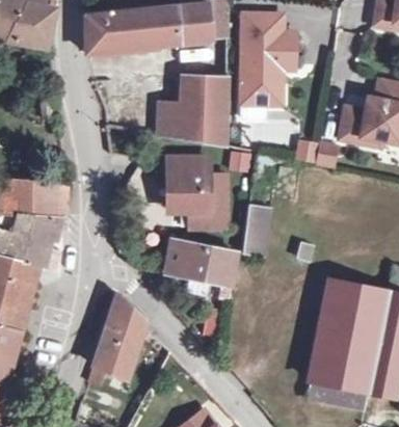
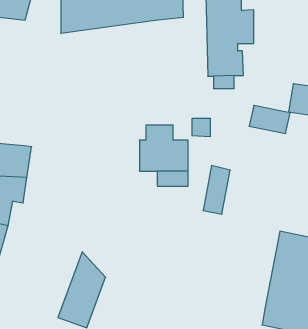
building: [160,76,227,145] -> none
building: [162,242,237,290] -> none

